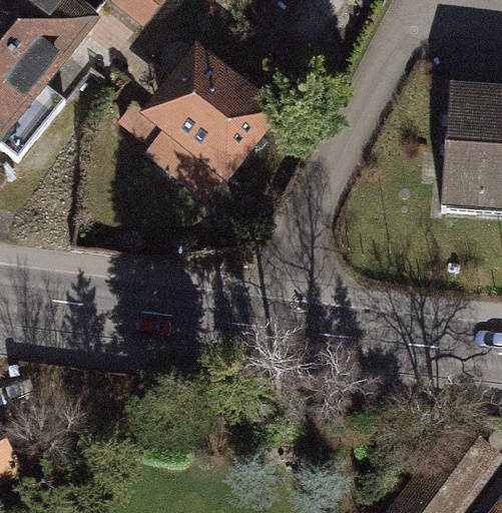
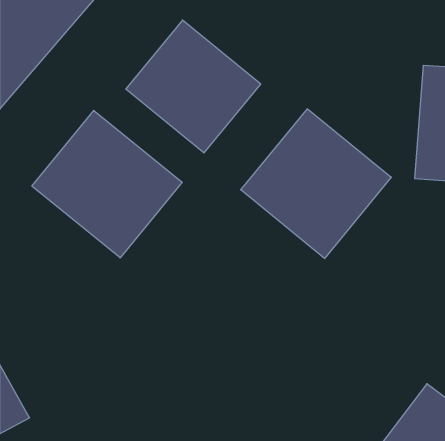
building: none -> [241,109,391,258]
building: none -> [32,110,182,258]

